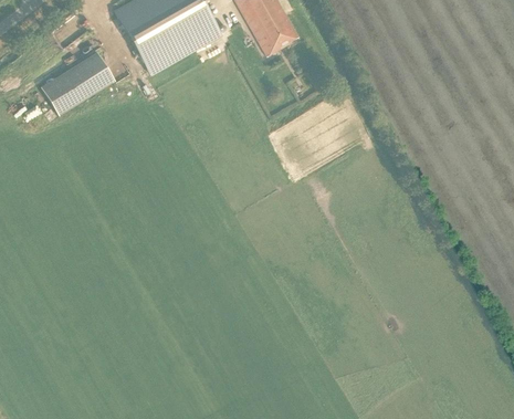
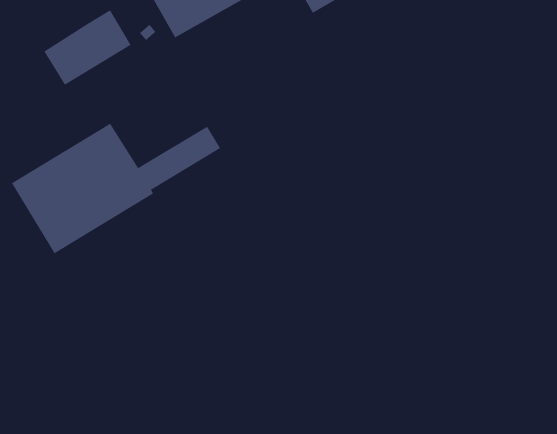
building: none -> [11,123,221,254]

